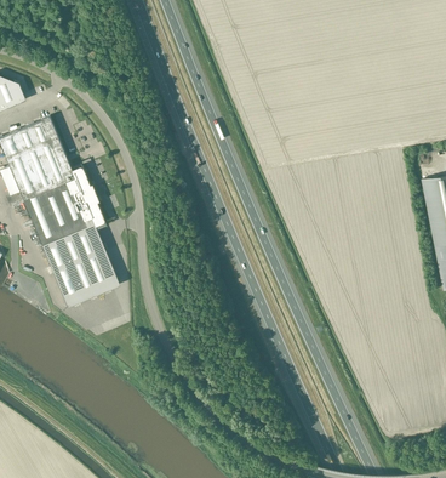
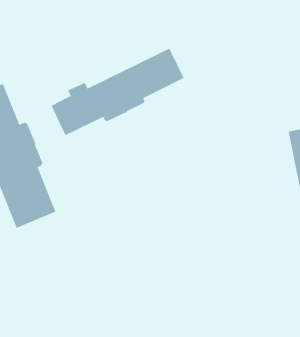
building: none -> [51,48,185,136]

